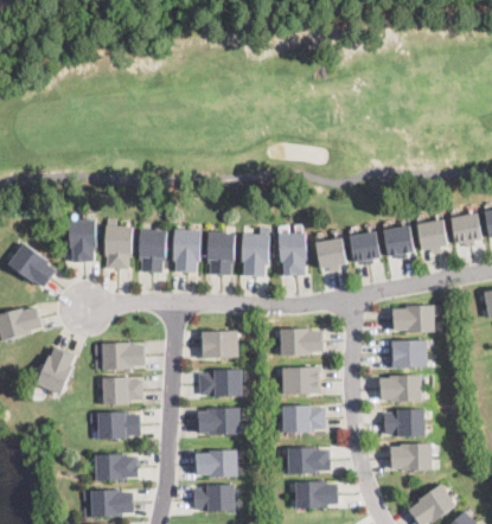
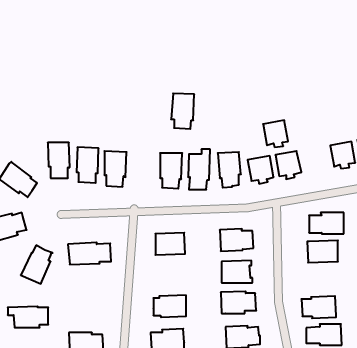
building: [383,224,414,257] -> [263,120,288,147]
building: [172,229,200,273] -> [171,93,194,129]
building: [198,370,242,396] -> none
building: [379,375,421,401] -> none
building: [102,378,142,404] -> none
building: [90,413,140,439] -> [8,306,48,328]

